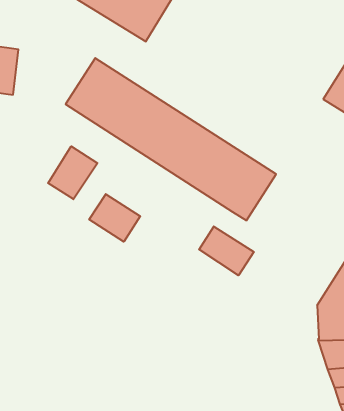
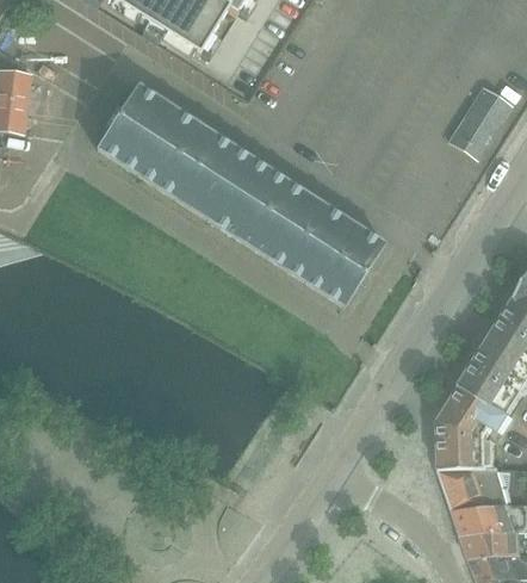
building: [48,146,97,199] -> none
building: [89,194,140,242] -> none
building: [199,226,254,275] -> none

